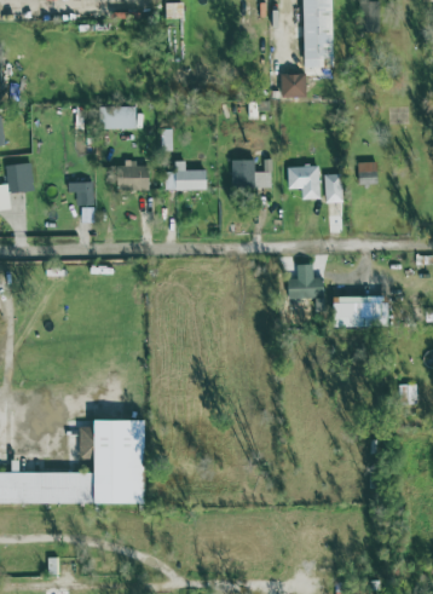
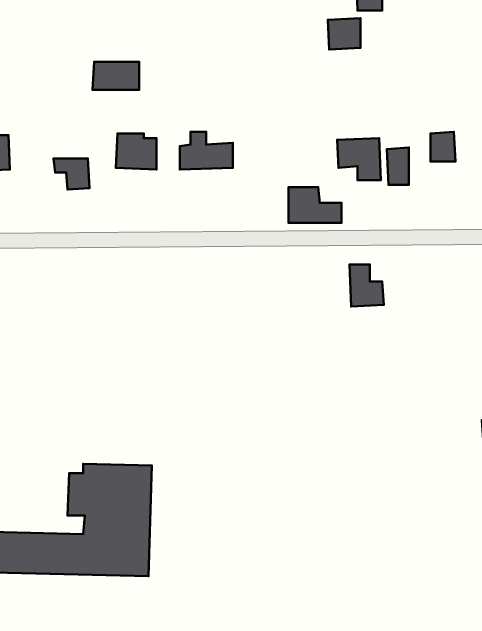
building: [232,160,273,188] -> [289,187,342,223]
building: [333,301,387,327] -> none

